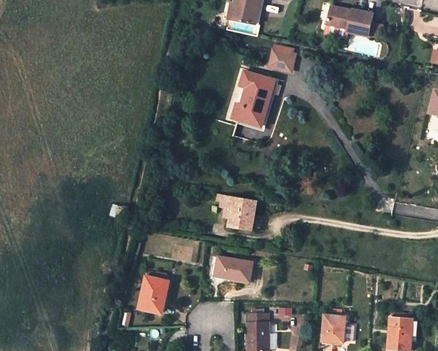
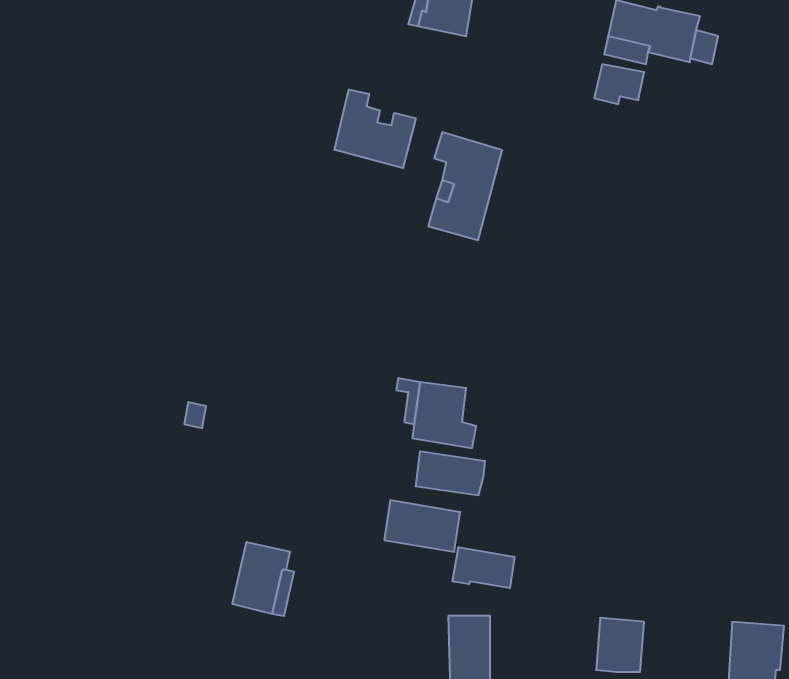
building: [269,50,294,70] -> [594,64,644,104]
building: none -> [334,89,416,168]
building: none -> [416,451,485,495]
building: none -> [453,547,514,588]

